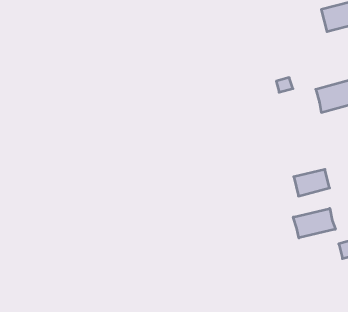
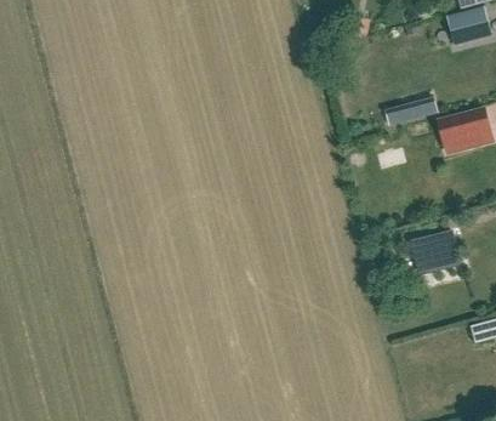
building: [293,208,335,238] -> none

